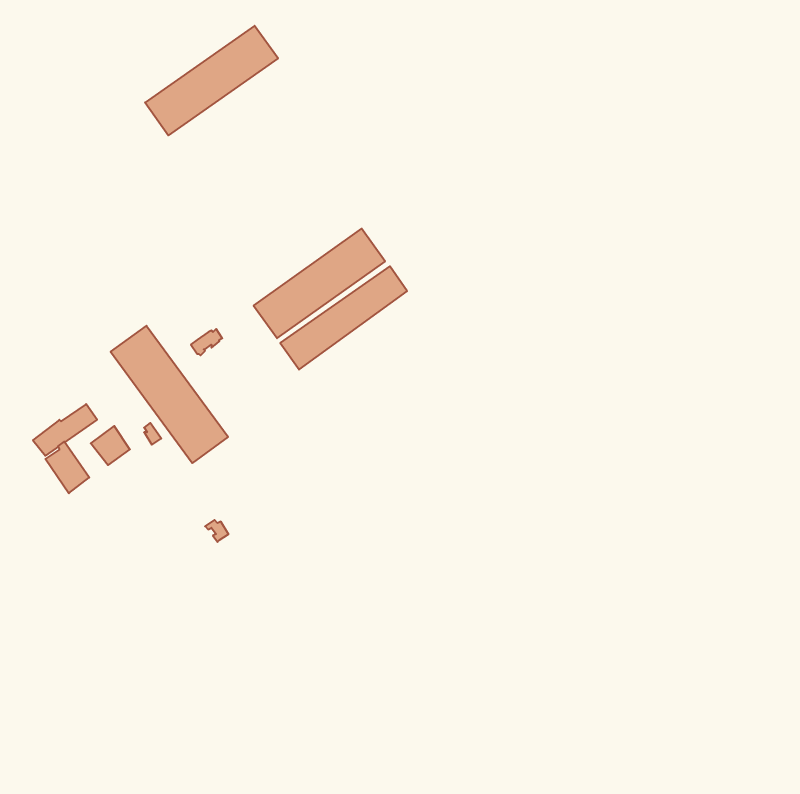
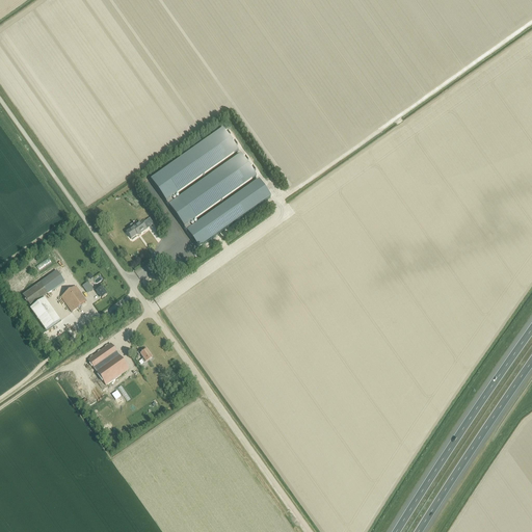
building: [145,26,278,135] -> [150,126,238,198]
building: [111,326,228,463] -> none
building: none -> [87,340,128,381]

